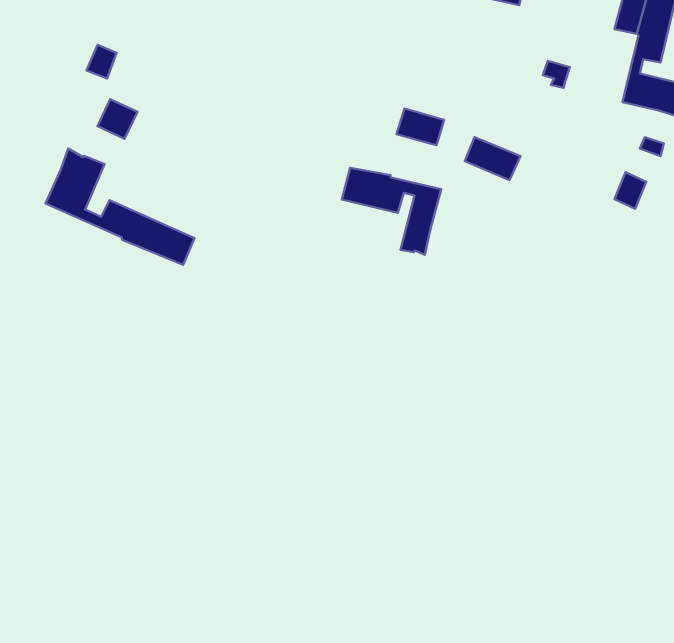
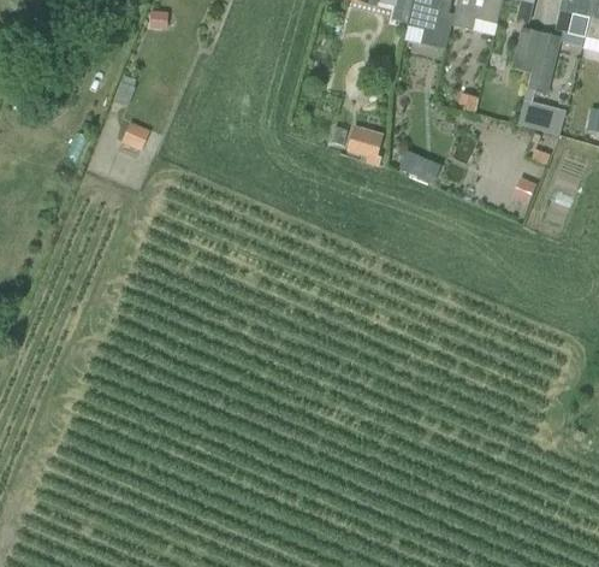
building: [45,148,195,265] -> none
building: [342,168,441,255] -> none

